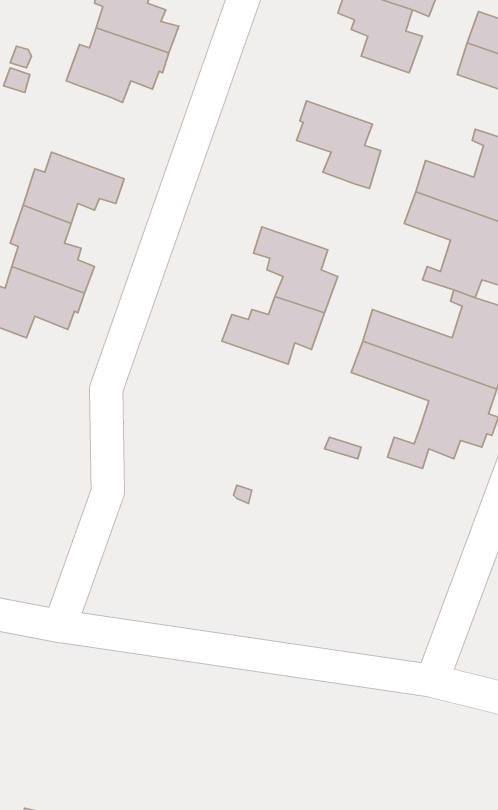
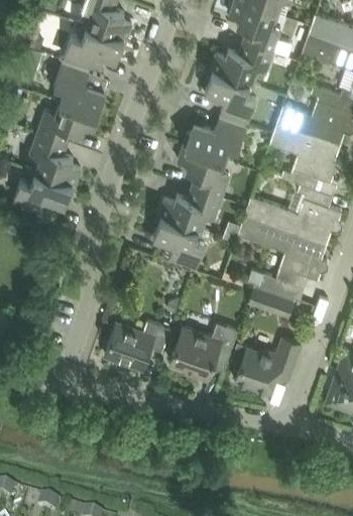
building: none -> [211,41,273,83]
building: none -> [54,62,106,116]
building: none -> [184,118,247,159]
building: none -> [153,215,206,268]
building: none -> [248,283,295,316]
building: none -> [105,320,170,369]
building: none -> [170,322,238,379]
building: none -> [233,338,302,393]

